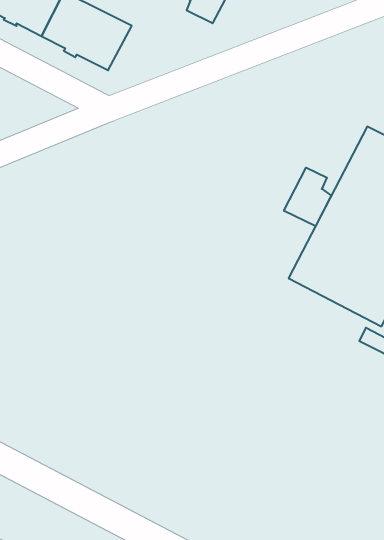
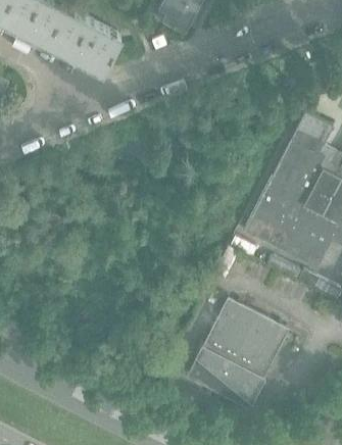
building: [284,168,331,226] -> none
building: none -> [187,302,283,406]

